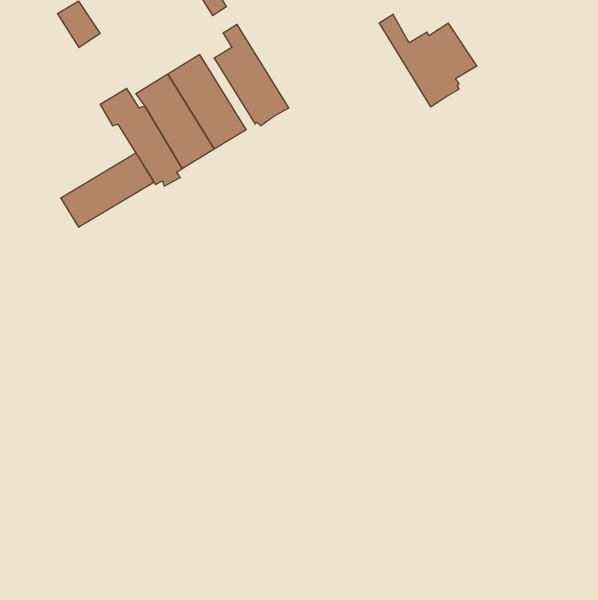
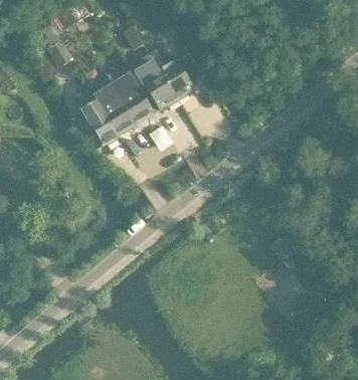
building: [379,14,477,107] -> [149,48,204,101]
building: [61,153,154,227] -> none

